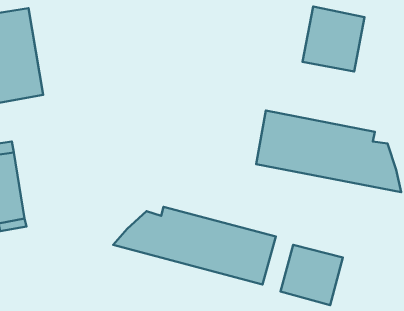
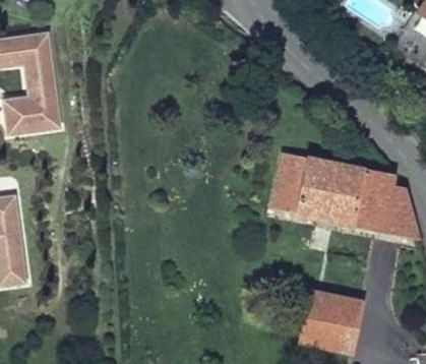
building: [302,6,365,72] -> none
building: [113,207,276,285] -> none

